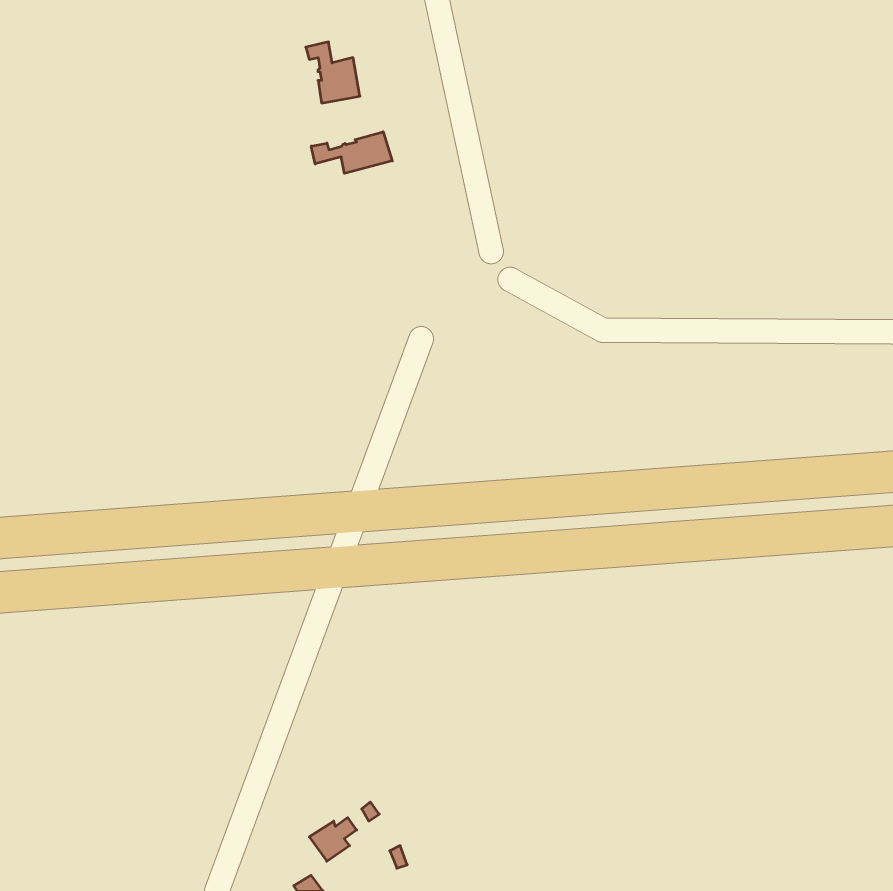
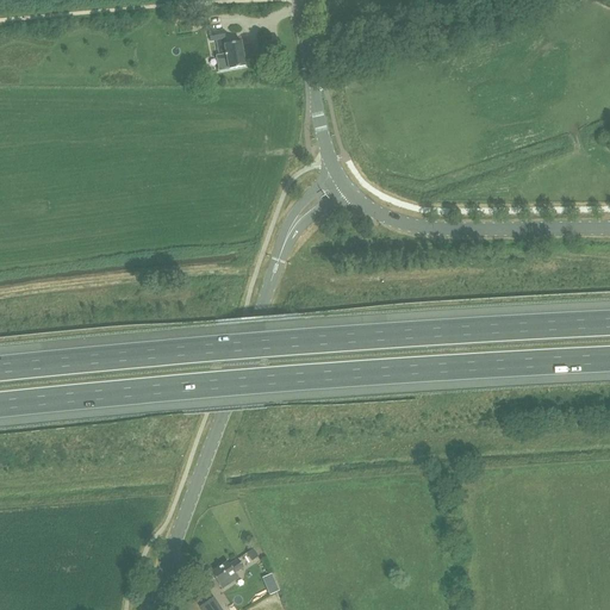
building: [311,132,392,173] -> none

